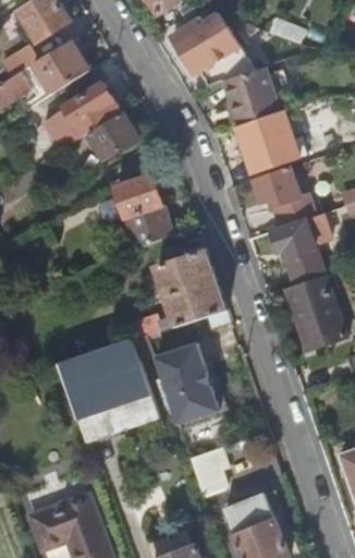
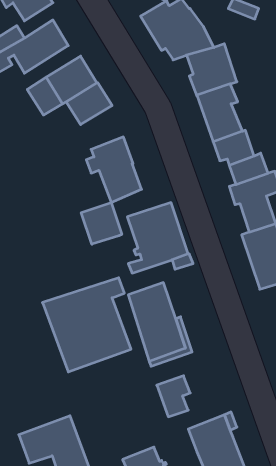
building: none -> [81,203,122,244]

